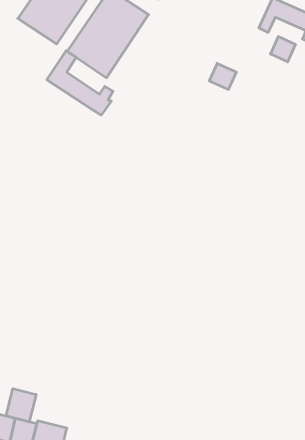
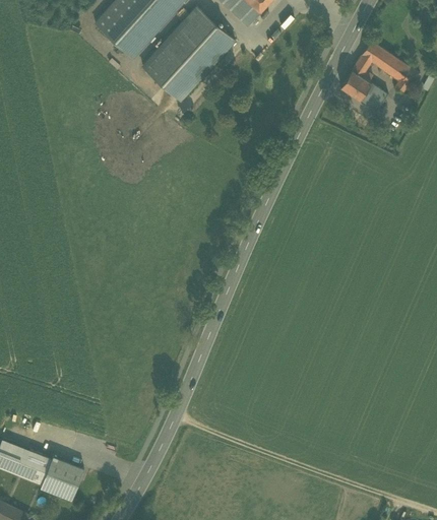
building: [47,51,113,115] -> none
building: [209,63,236,89] -> [338,72,369,102]
building: [6,389,36,422] -> none

